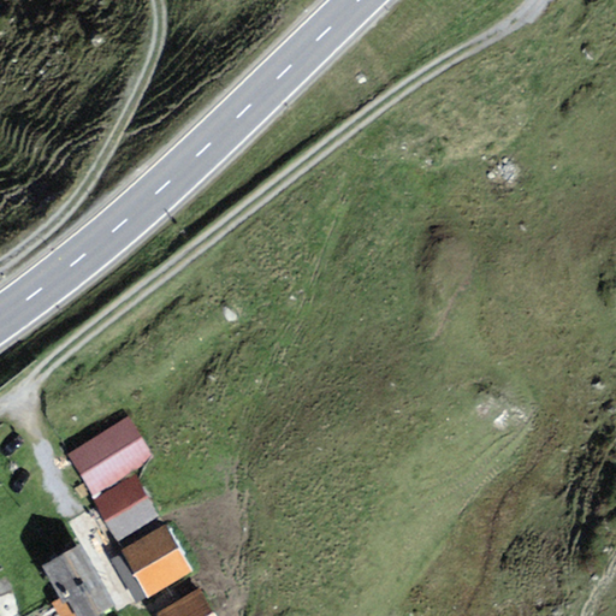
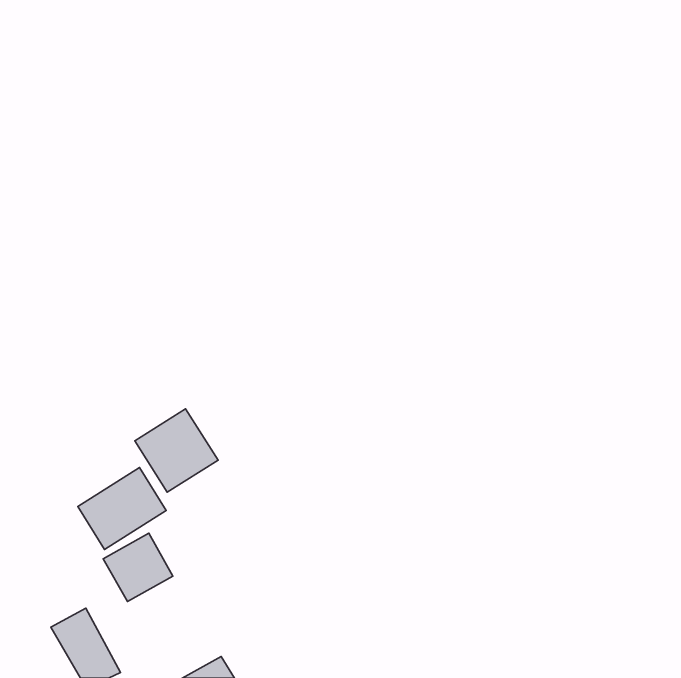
building: none -> [135,409,218,492]
building: [125,529,186,593] -> none

